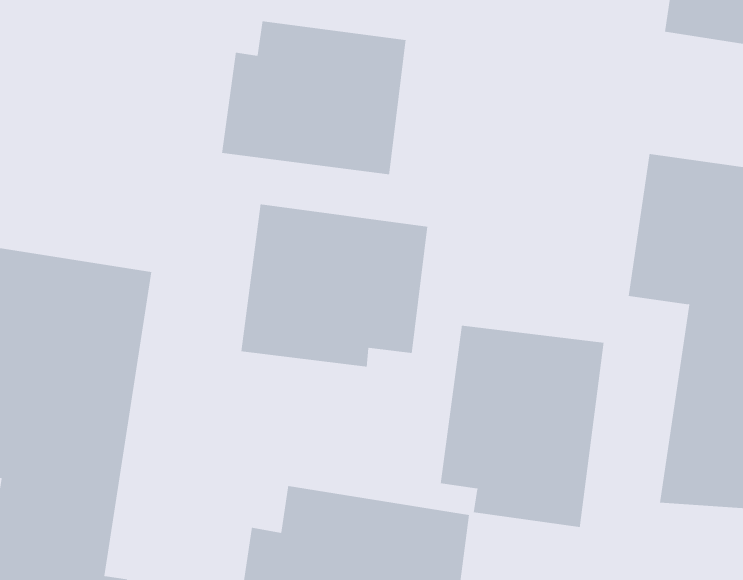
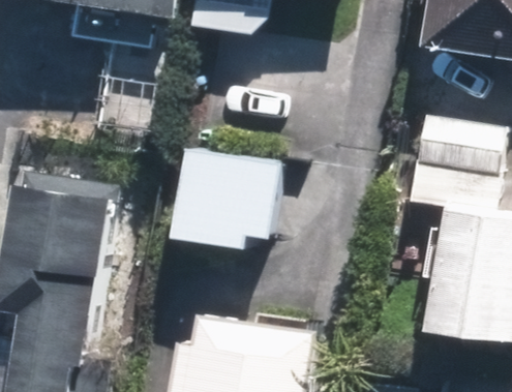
building: [222,20,406,175] -> none
building: [440,325,604,528] -> none

